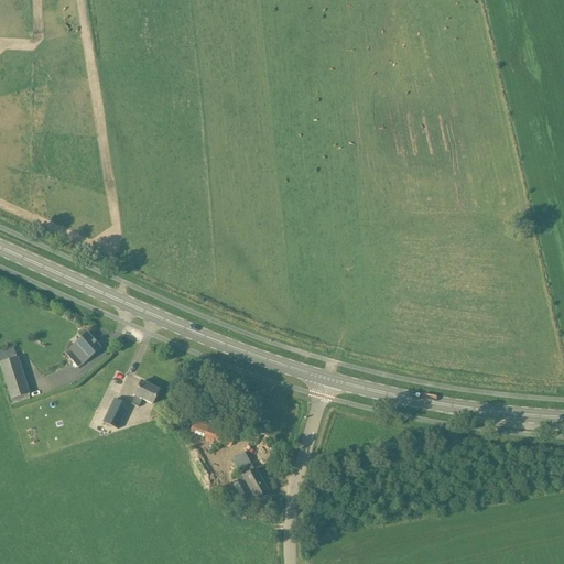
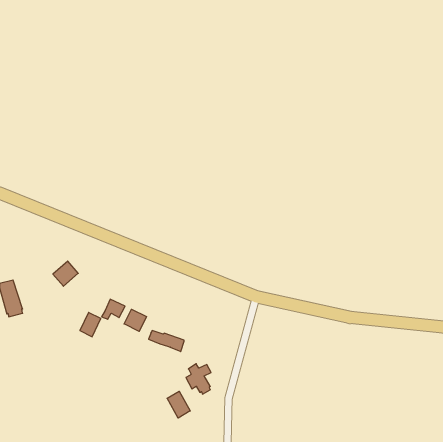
building: none -> [124,309,147,331]
building: none -> [167,391,190,418]

